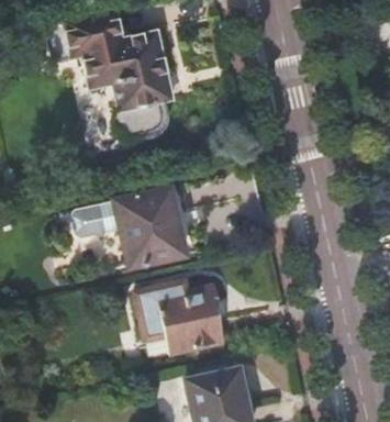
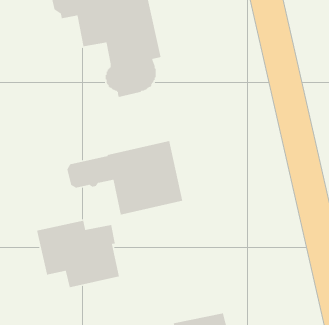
building: [134,282,223,355] -> [36,220,120,288]

